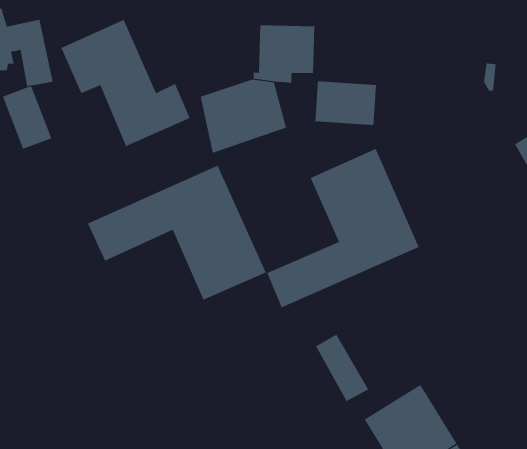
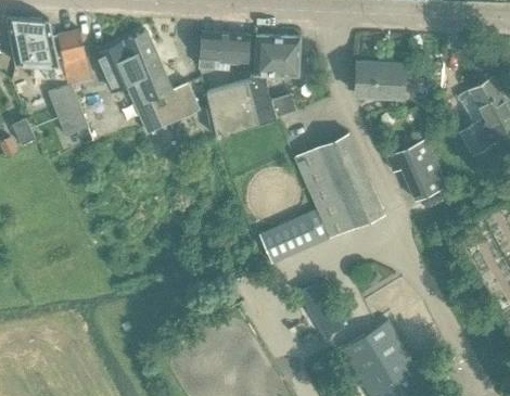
building: none -> [199,34,248,72]
building: [314,81,377,126] -> [355,62,405,98]
building: none -> [386,141,447,201]
building: [87,165,266,301] -> none

